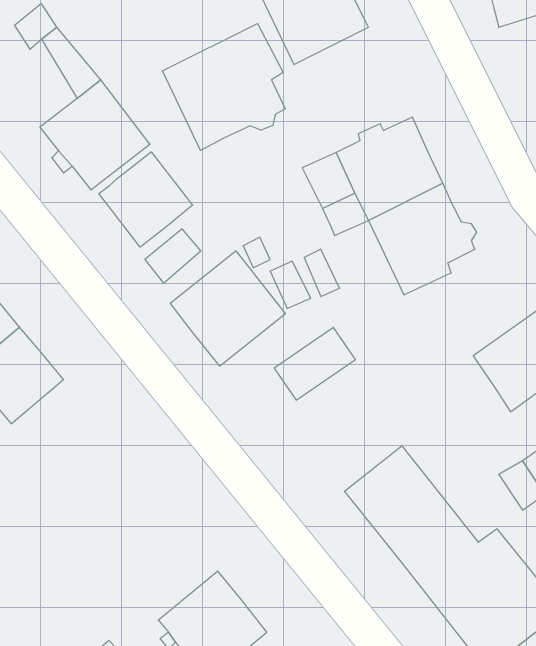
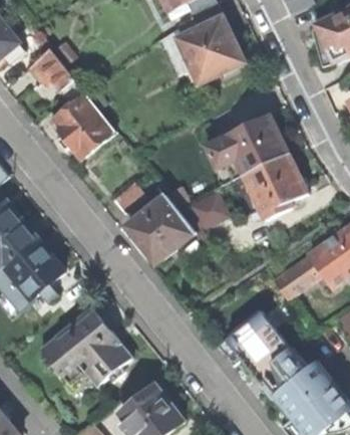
building: [162,24,285,150] -> none
building: [99,152,193,247] -> none
building: [274,327,356,400] -> [270,256,318,299]
building: none -> [41,304,136,387]

